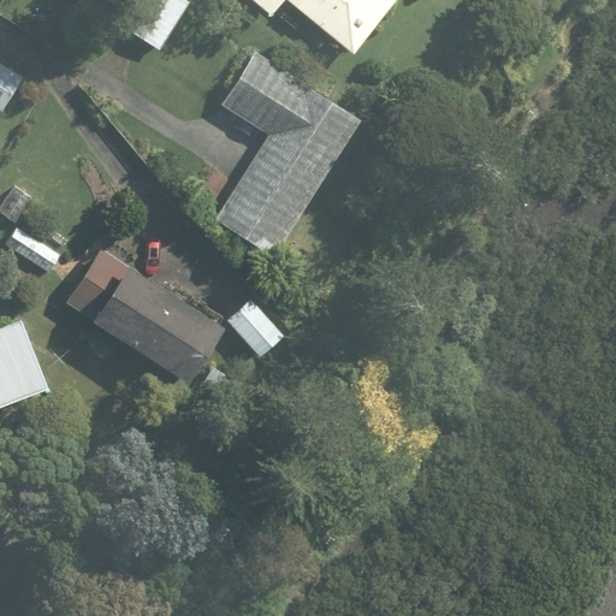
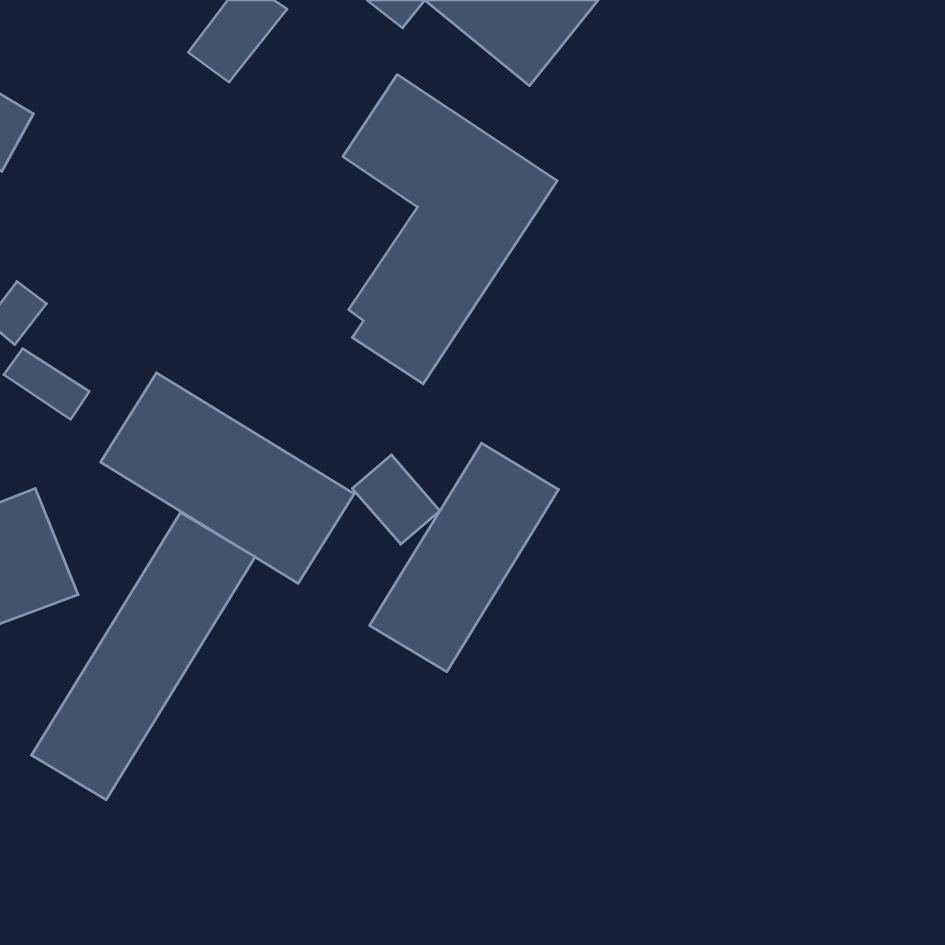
building: none -> [370,443,559,672]
building: none -> [31,512,255,800]

